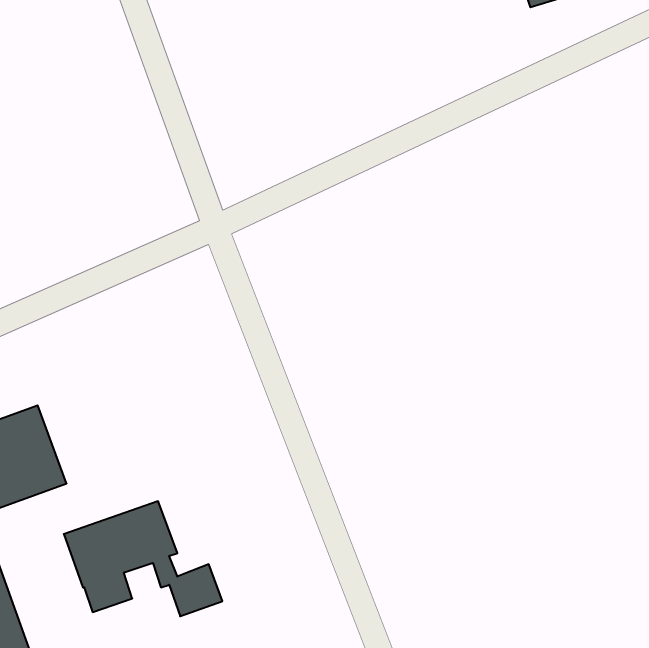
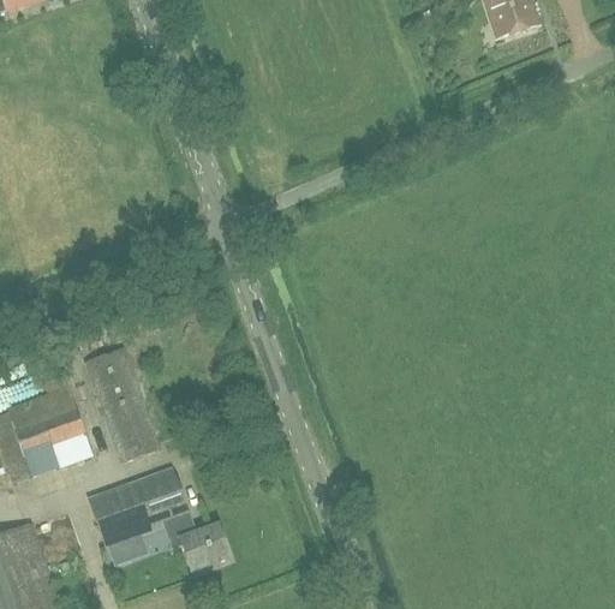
building: none -> [86,346,161,460]

